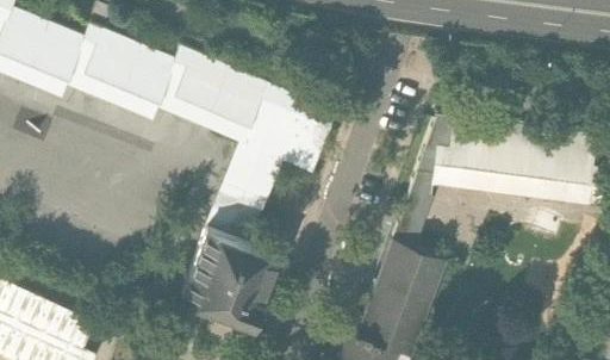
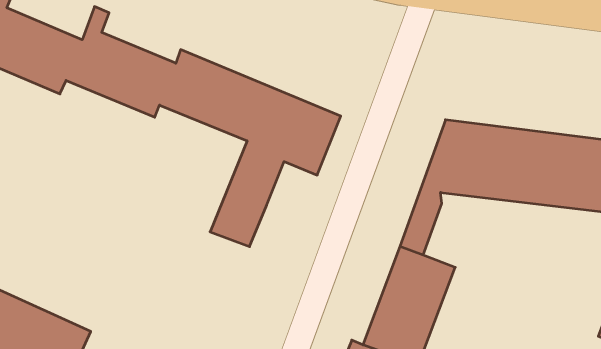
building: [182,226,279,324] -> none

